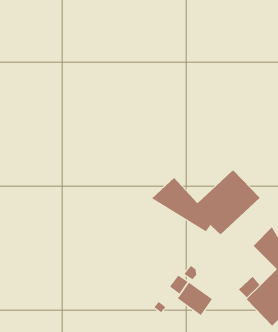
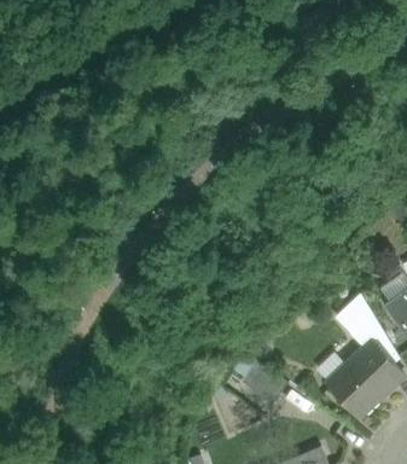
building: [151,169,261,235] -> none

